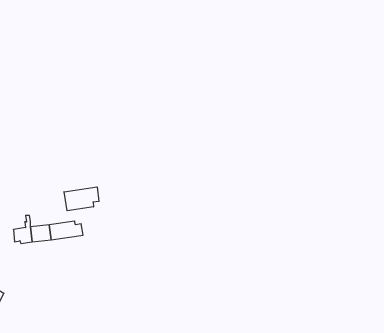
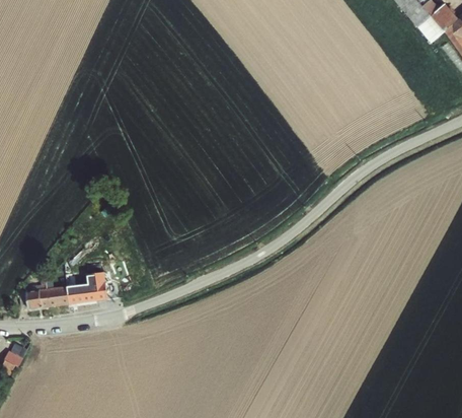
building: [64,187,99,211] -> none

